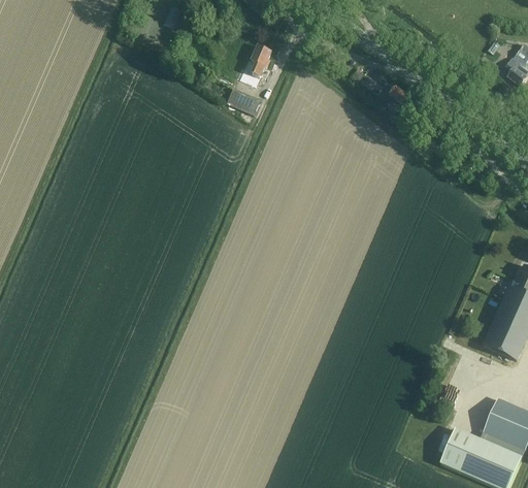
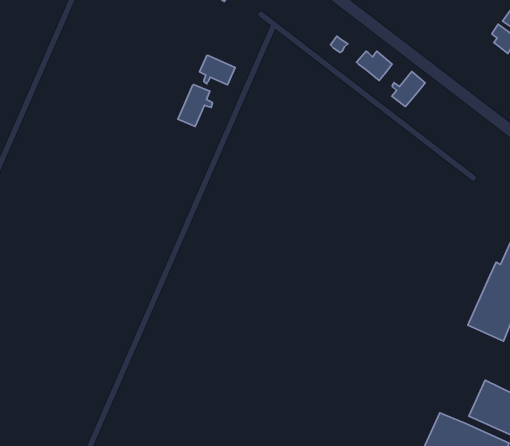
building: [239,44,271,84] -> none
building: none -> [392,72,425,107]
building: none -> [178,85,213,127]

